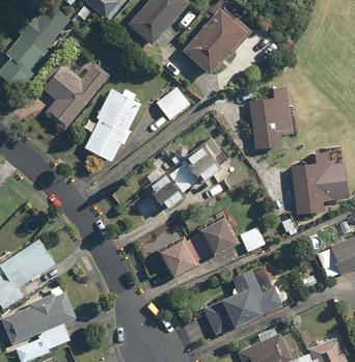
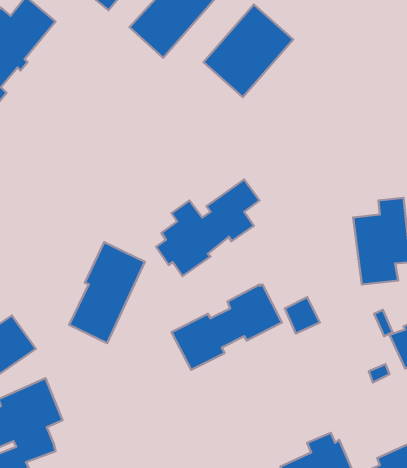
building: [38,59,110,131] -> none
building: [249,86,293,150] -> none
building: [156,87,190,120] -> none
building: [84,88,140,163] -> [69,242,145,343]
building: [203,263,282,337] -> none

